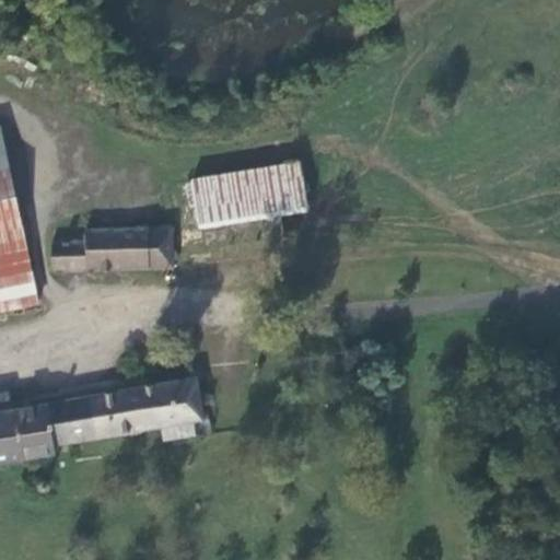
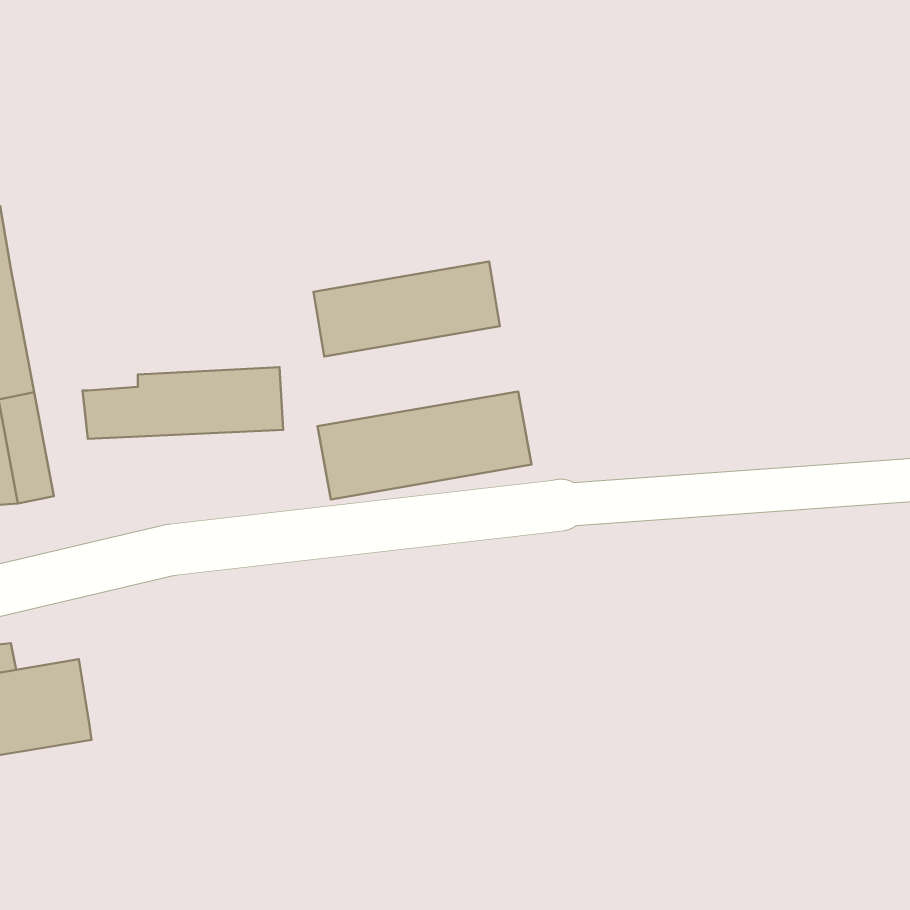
building: none -> [317,391,531,499]
building: [48,376,217,446] -> none

